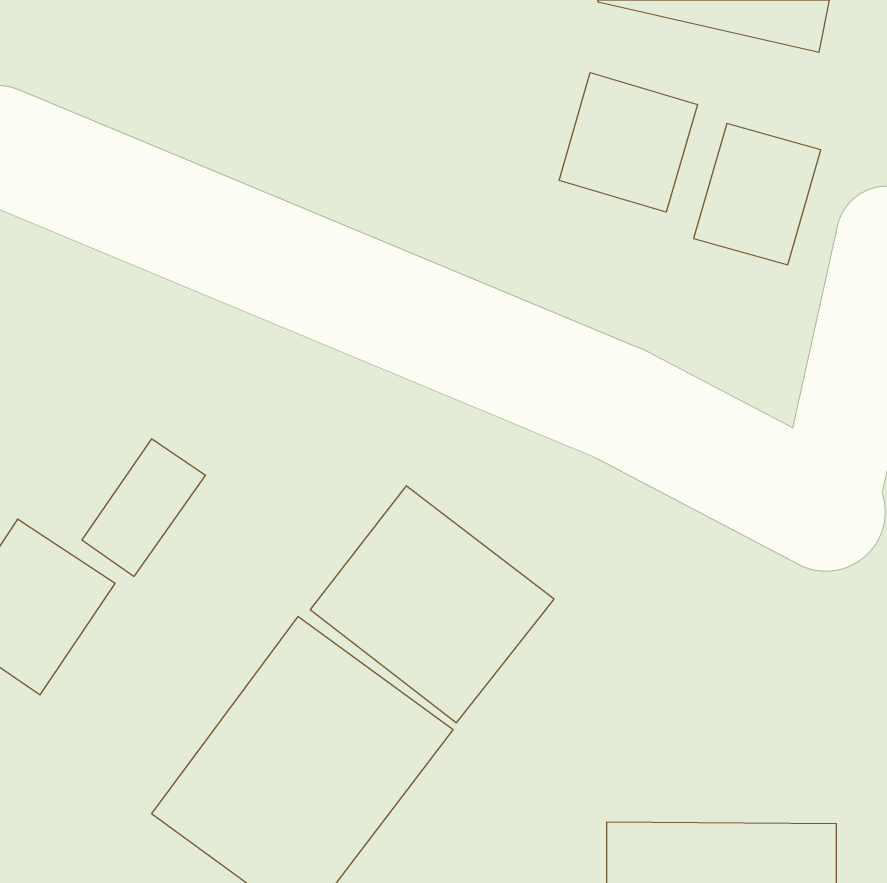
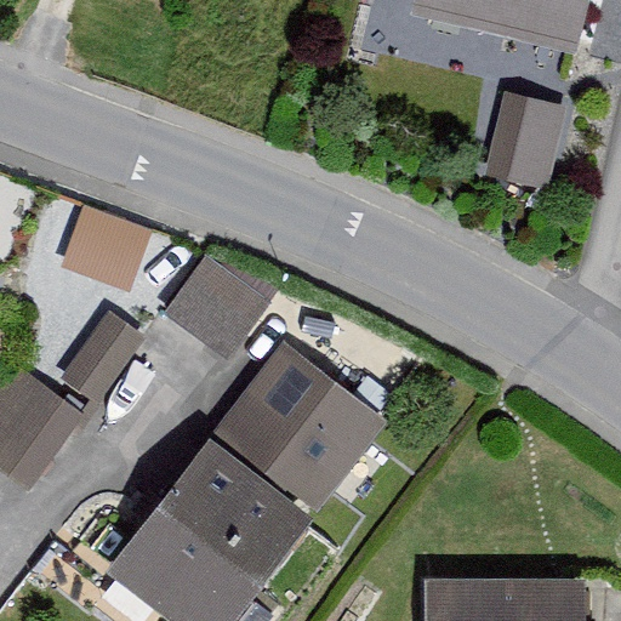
building: [559,73,697,212] -> none
building: none -> [64,204,158,291]
building: none -> [163,255,268,359]

